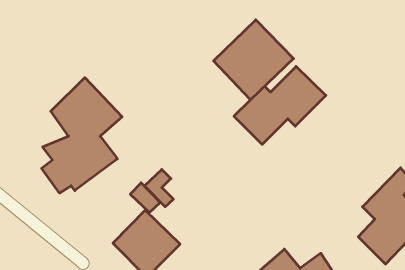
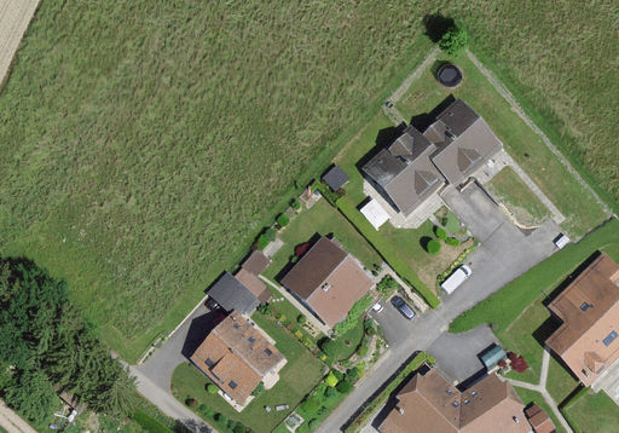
building: [214,20,294,100] -> none
building: [42,78,122,193] -> none
building: none -> [278,233,376,330]

